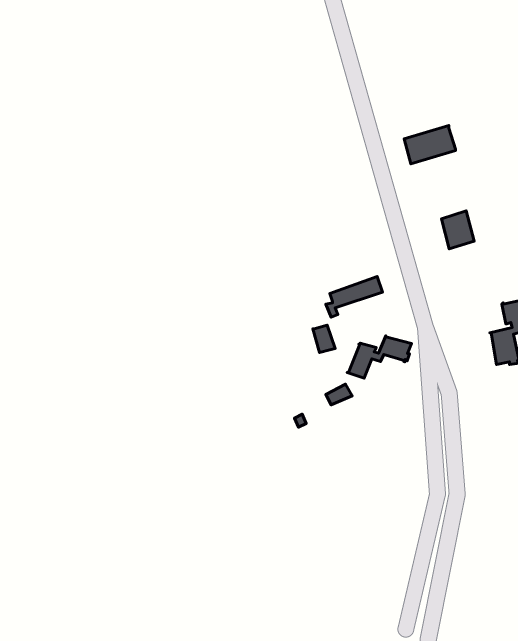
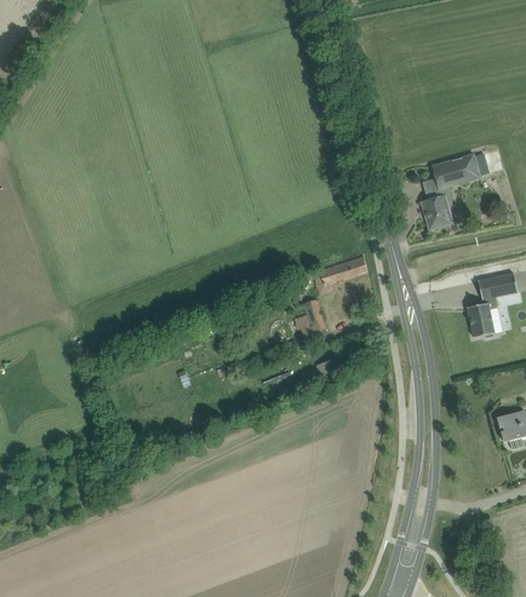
building: [404,126,455,164] -> [433,154,480,189]
building: [347,336,411,378] -> none

